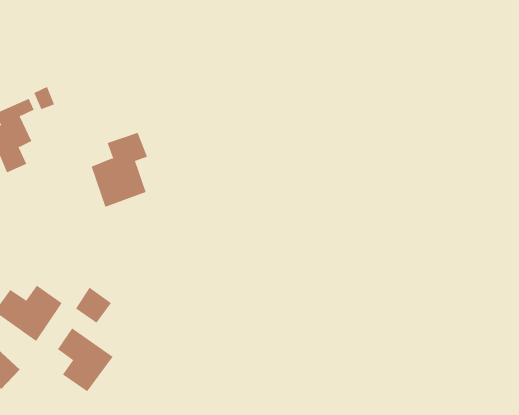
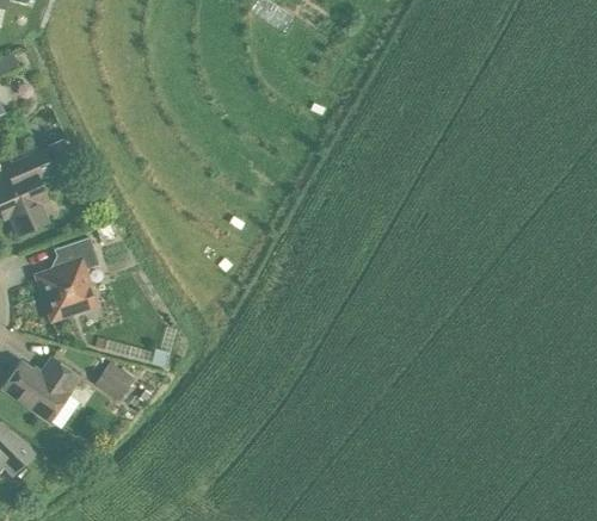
building: [91,132,148,207] -> [35,238,98,322]
building: [57,328,113,392] -> none

